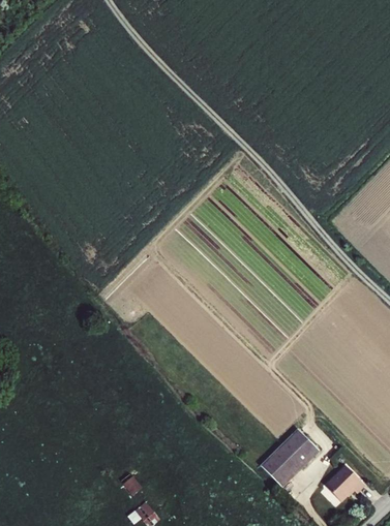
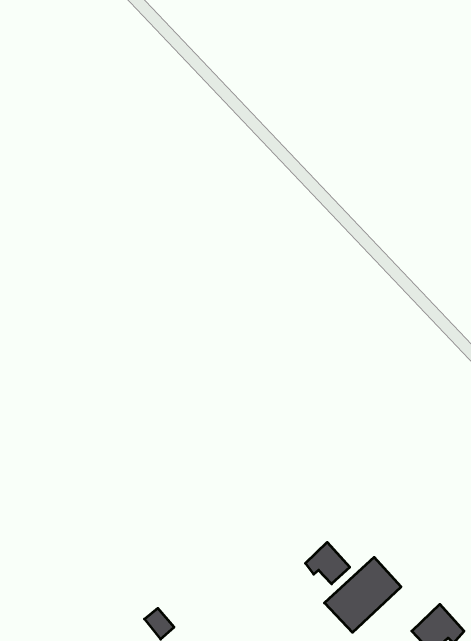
building: none -> [305,542,350,584]

